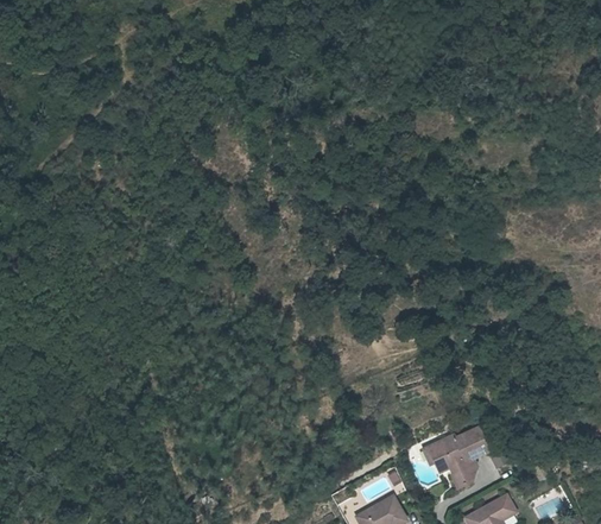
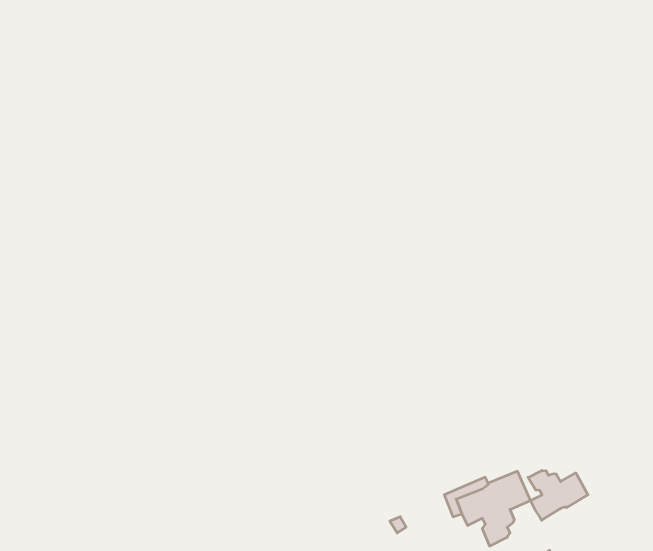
building: none -> [528,470,588,520]

